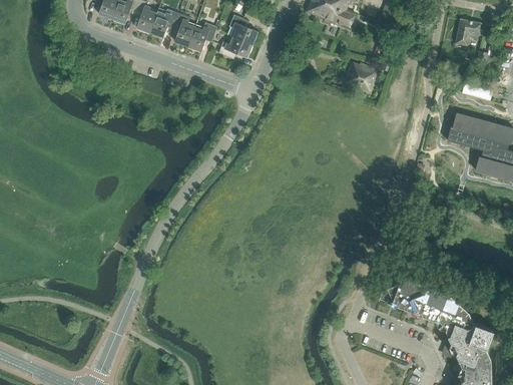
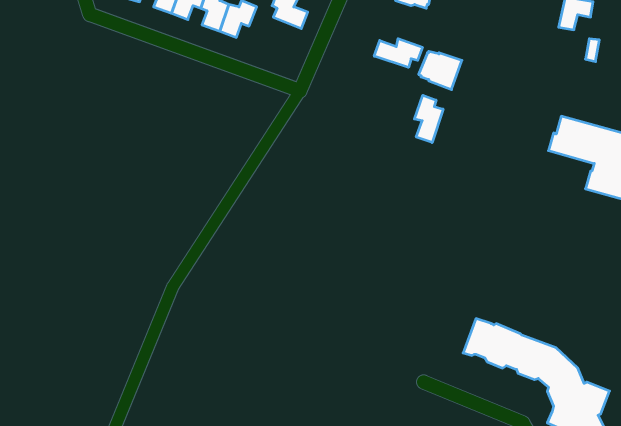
building: [218,34,252,58] -> none
building: none -> [374,39,422,67]
building: none -> [414,95,443,143]

